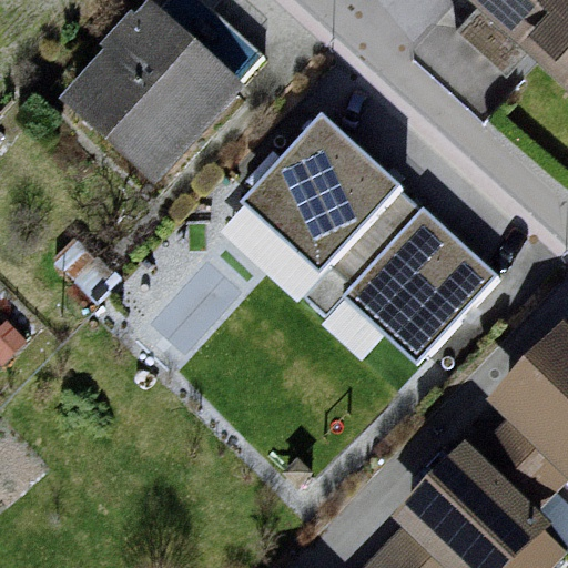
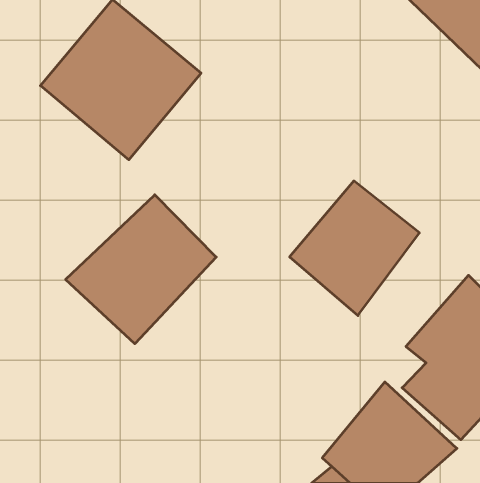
building: [235,118,397,278] -> none
building: none -> [66,195,216,344]

